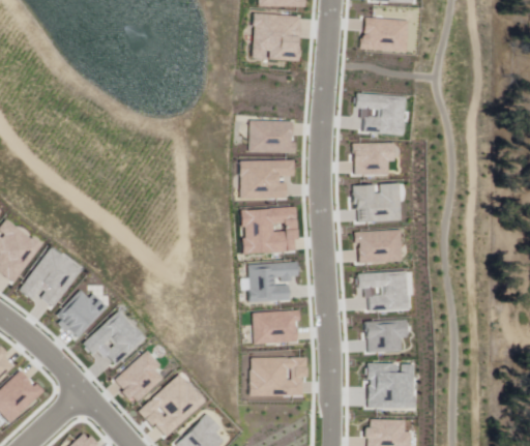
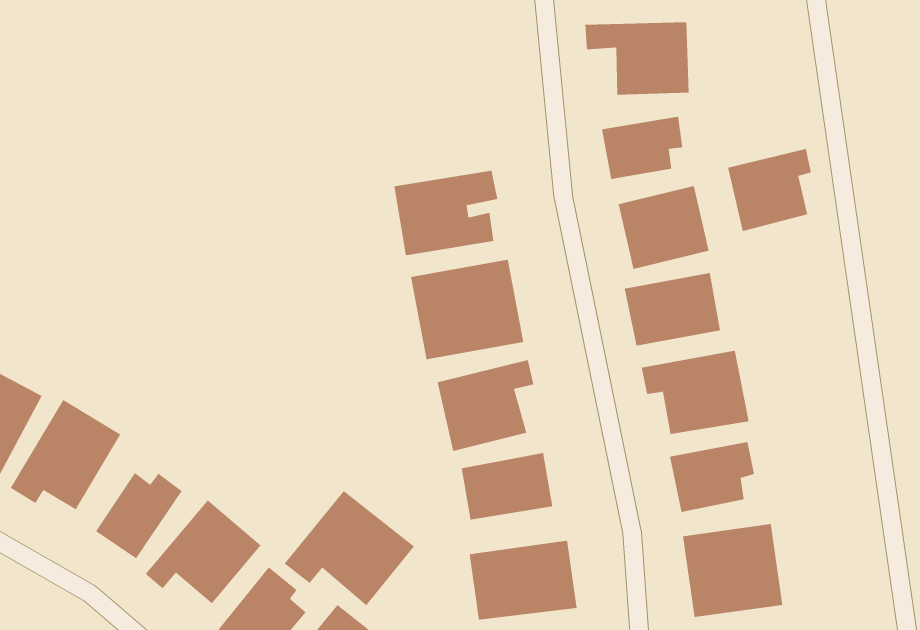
building: [249,120,298,151] -> none
building: none -> [728,148,811,232]
building: none -> [284,490,415,606]

